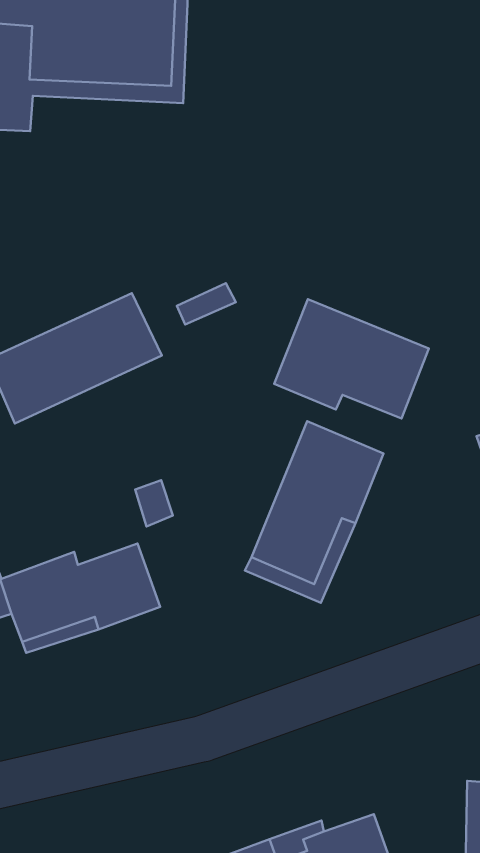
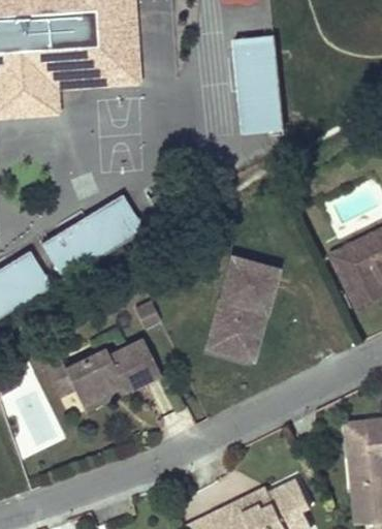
building: none -> [234,35,284,133]
building: [274,299,429,418] -> none

